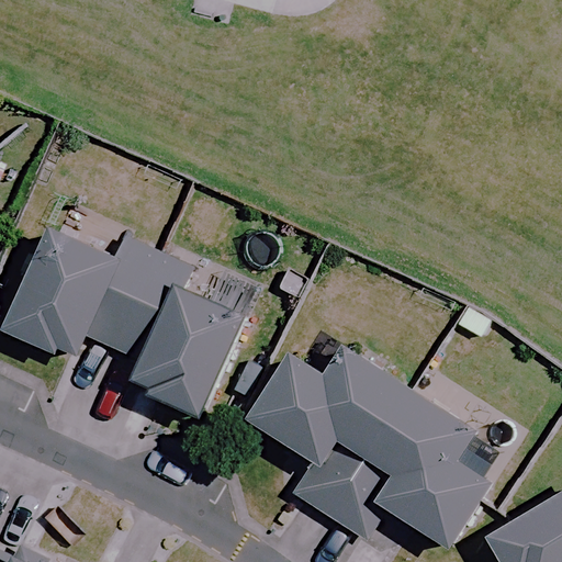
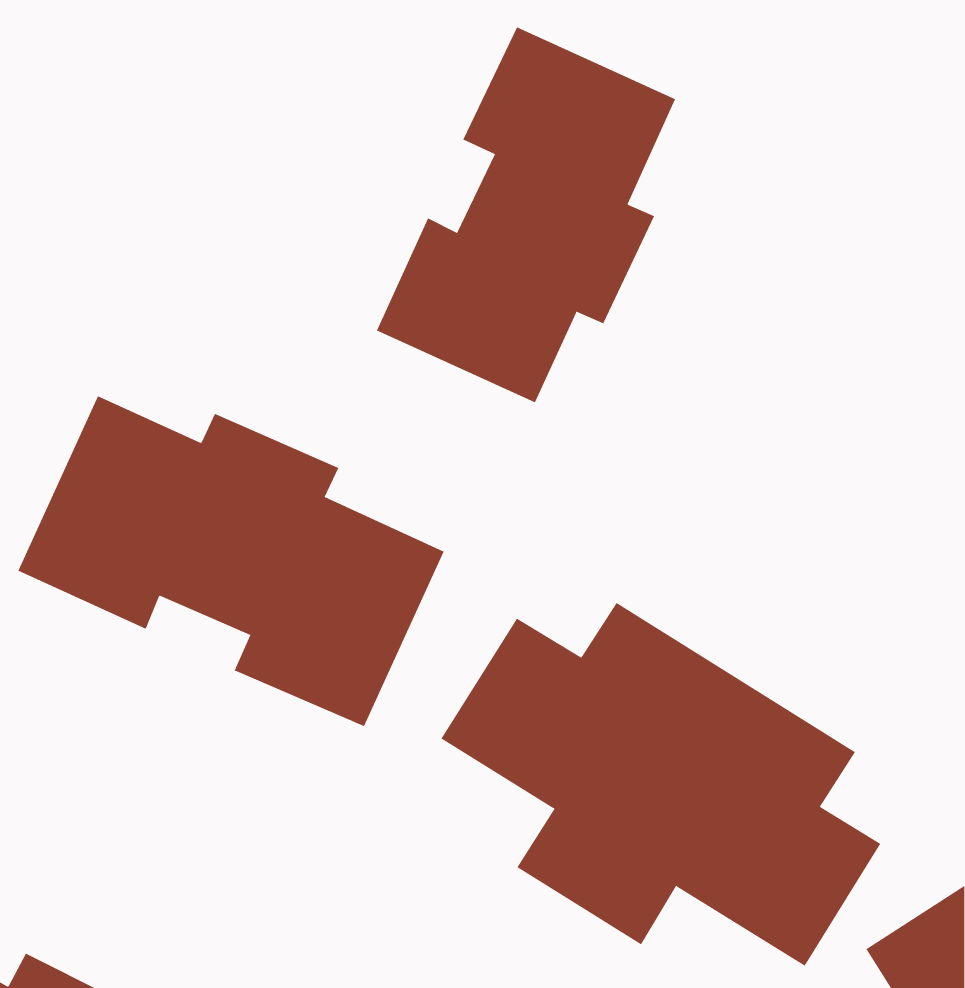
building: none -> [376,27,676,403]

